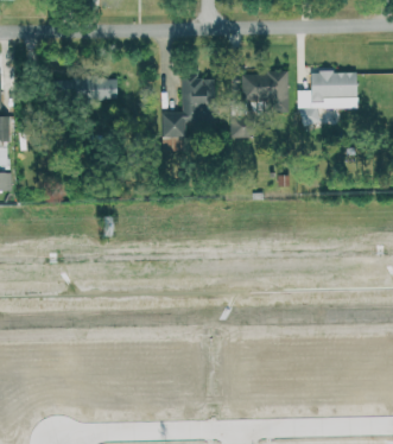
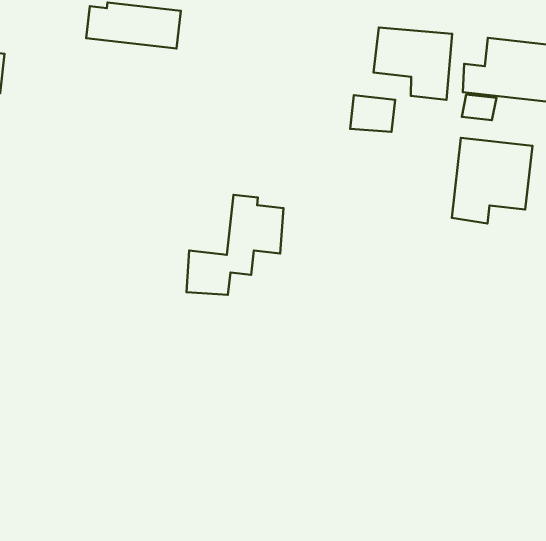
building: [158,74,215,138] -> [186,195,283,295]
building: none -> [452,138,532,224]

